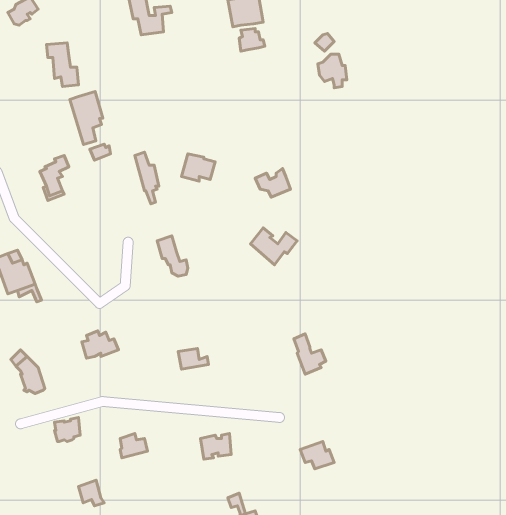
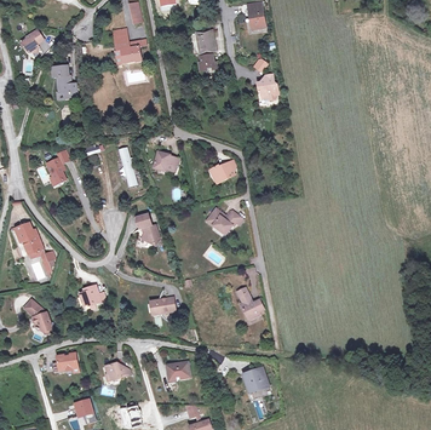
building: [70,91,103,144] -> none

